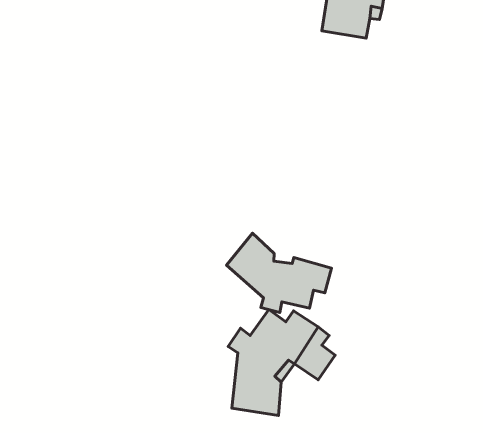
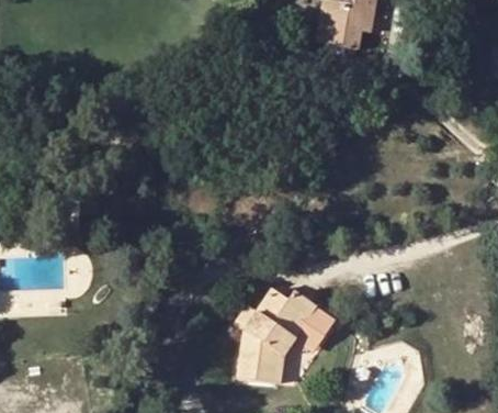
building: [226,233,331,312] -> none

